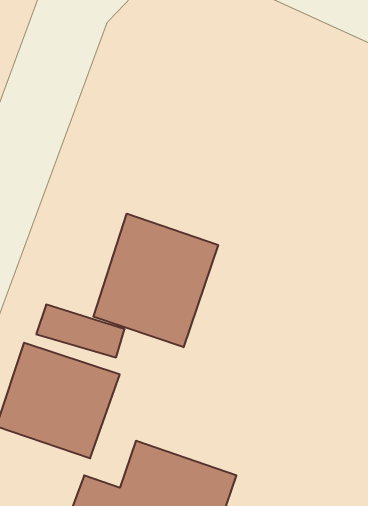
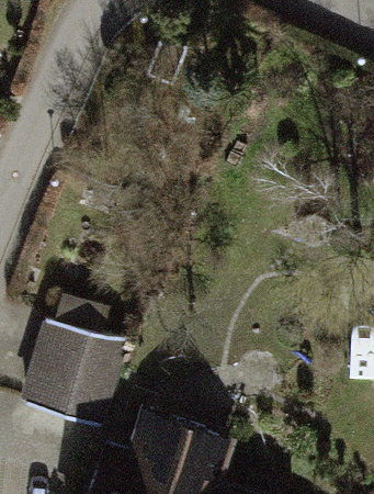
building: [93,214,218,347] -> none

